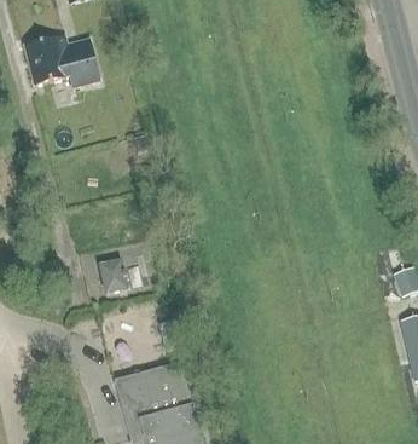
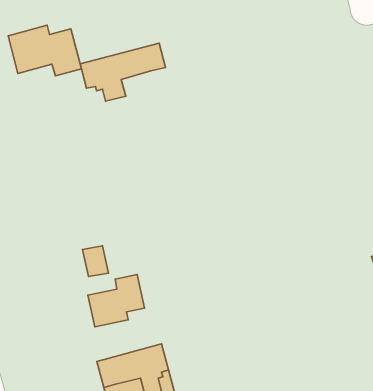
building: none -> [80,43,165,101]
building: none -> [88,275,145,327]

